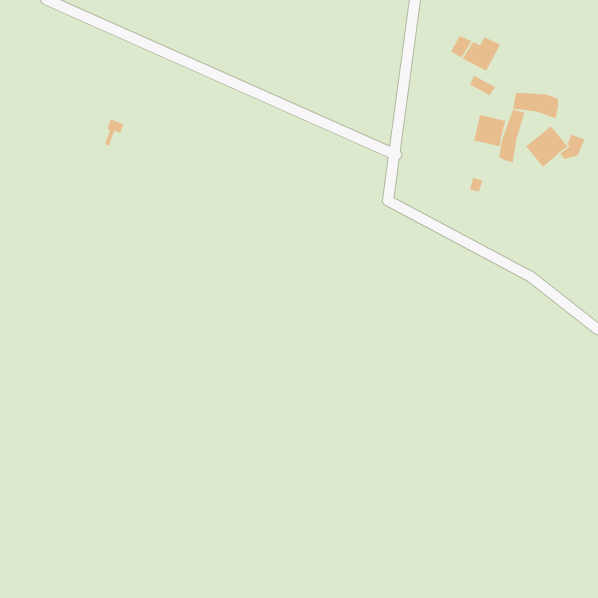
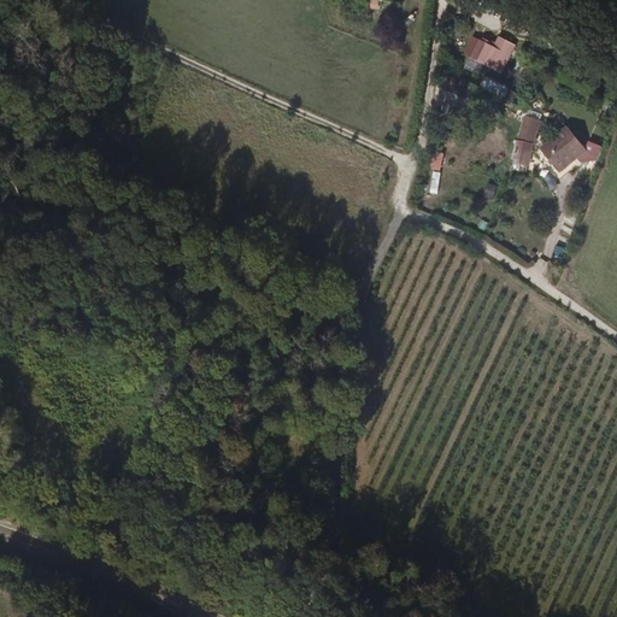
building: [512,92,559,119] -> none
building: [474,114,506,147] -> none

